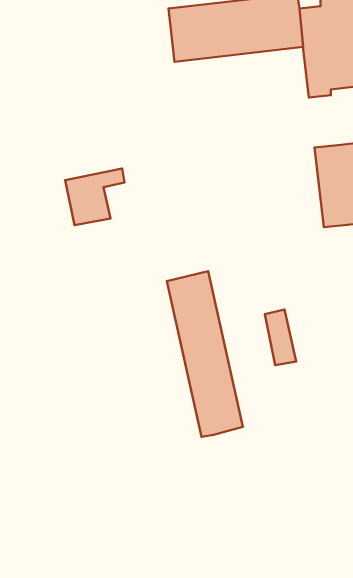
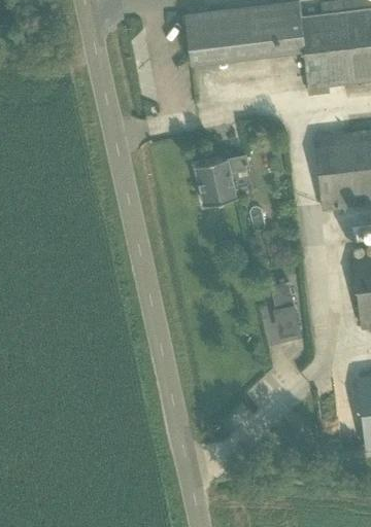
building: [65,169,124,225] -> [196,155,248,206]
building: [167,271,243,437] -> none

